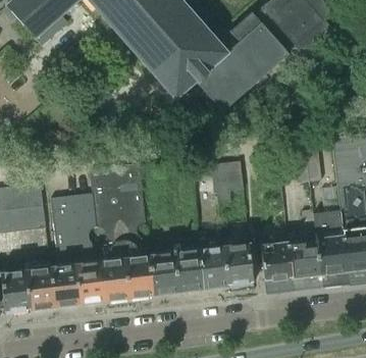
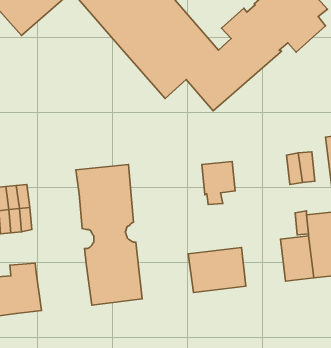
building: [50,193,104,306] -> none
building: [259,237,293,282] -> none
building: [149,251,203,295] -> none

